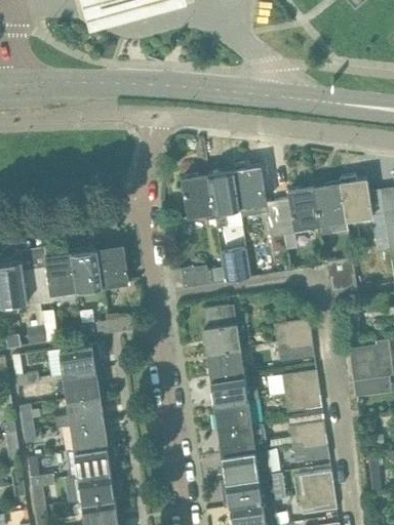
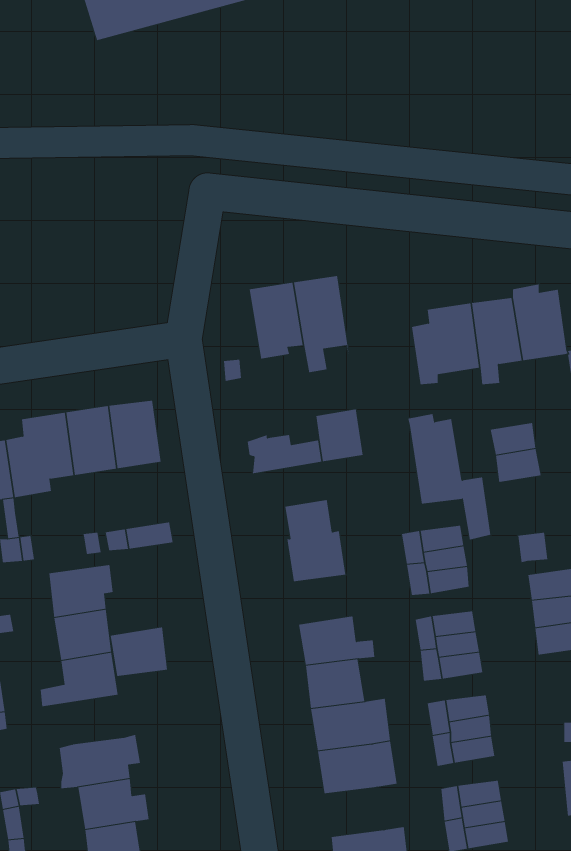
building: [233,163,283,239] -> [407,413,491,540]
building: [207,350,243,379] -> none
building: [71,421,106,451] -> [110,627,168,677]
building: [218,475,274,507] -> none

